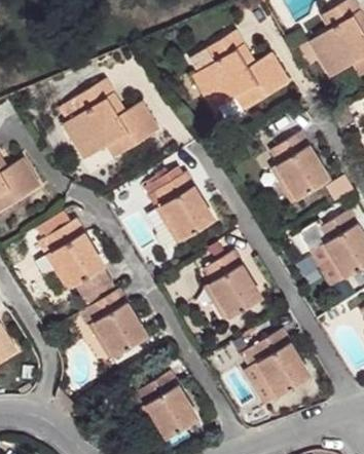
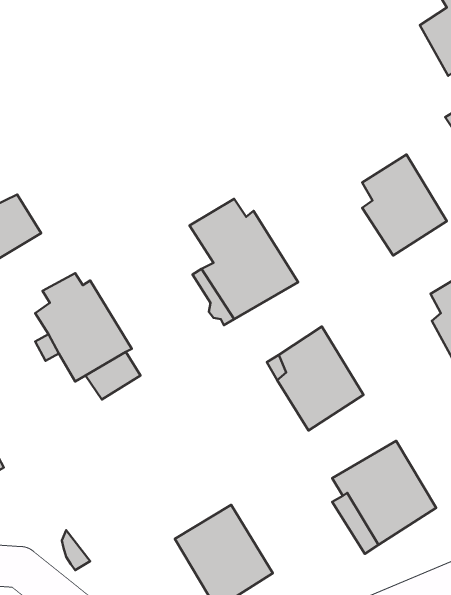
building: [187,31,284,112] -> none
building: [62,81,159,161] -> none
building: [79,291,149,362] -> none

